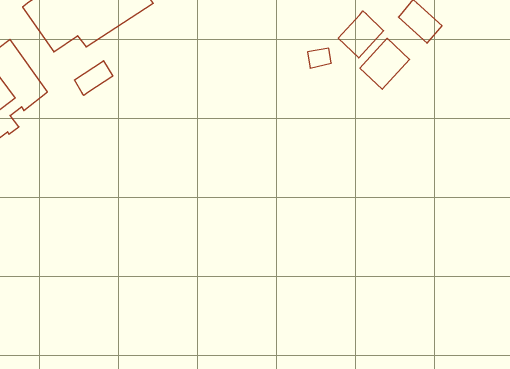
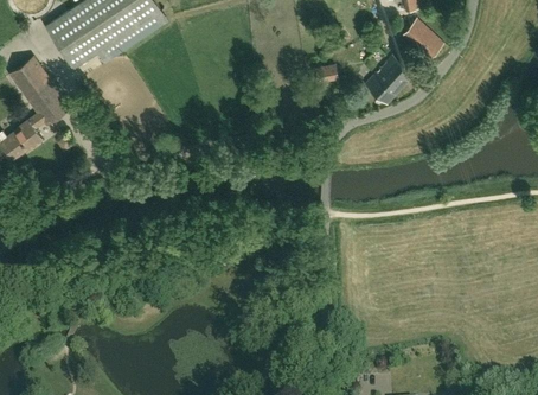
building: [338,11,384,58] -> none
building: [74,61,113,95] -> none

